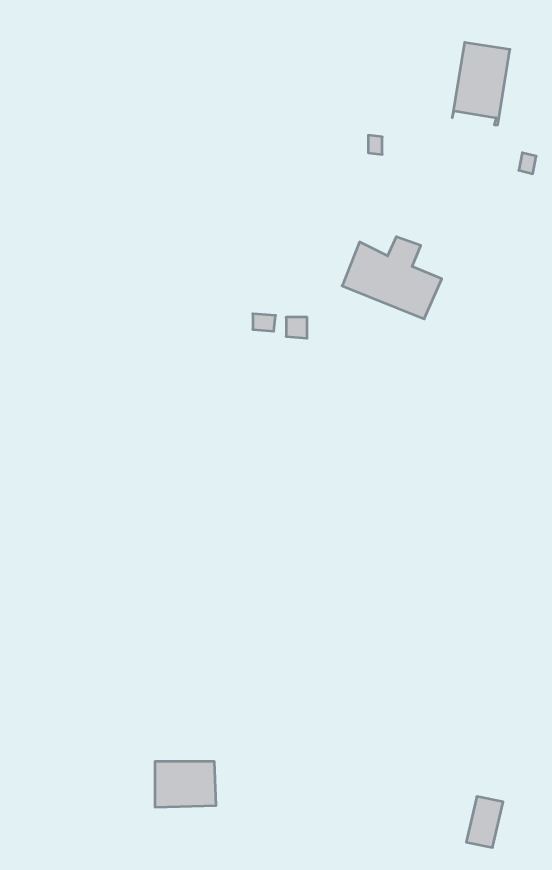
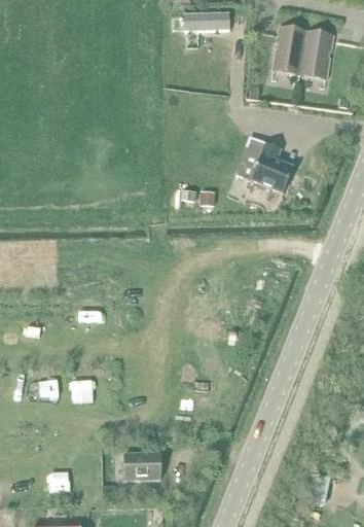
building: none -> [183,10,229,29]
building: none -> [272,26,306,74]

